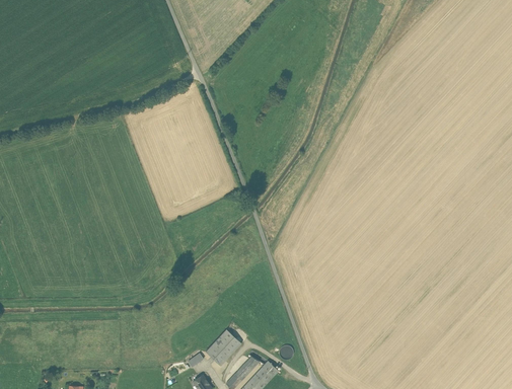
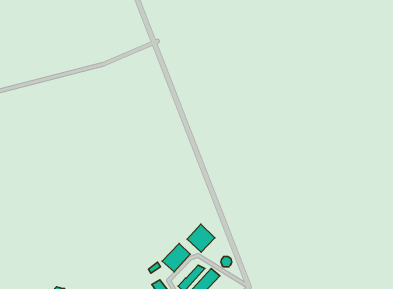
building: none -> [187,224,215,252]

